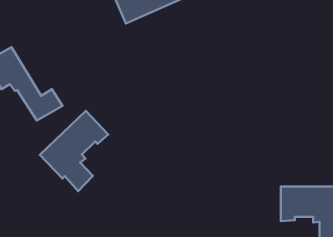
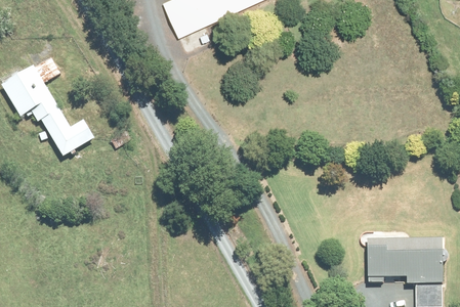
building: [40,111,108,191] -> none

